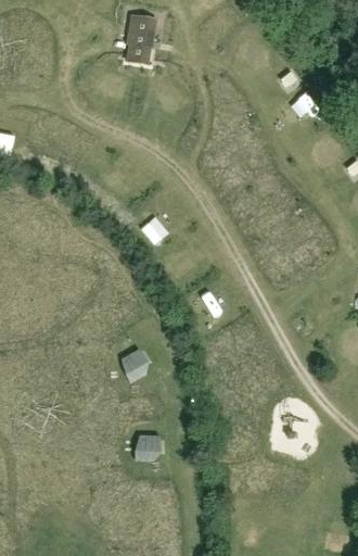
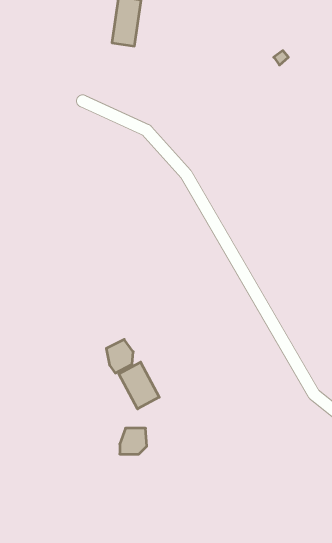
building: none -> [119,362,159,409]

